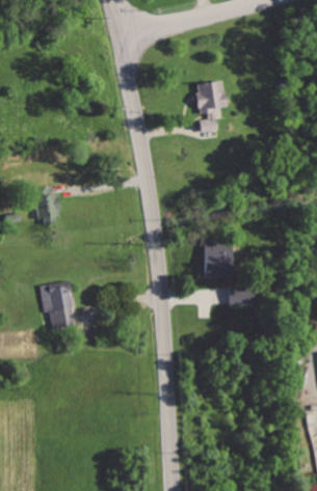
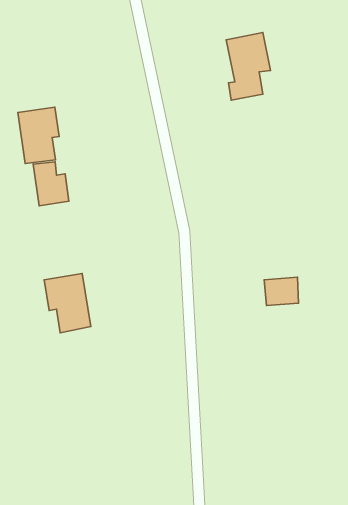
building: none -> [18,107,59,163]
building: [204,241,234,277] -> none

